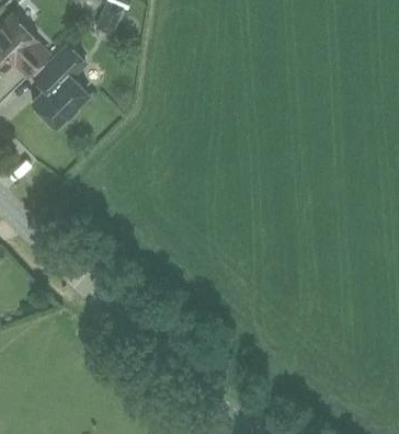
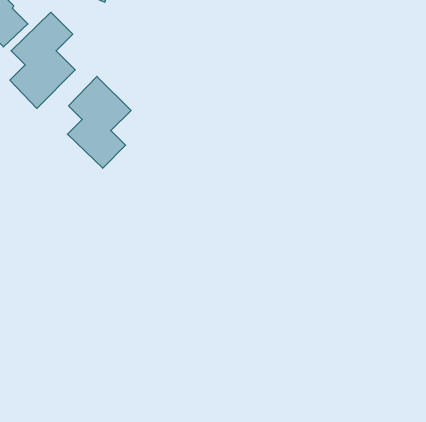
building: none -> [67,76,131,168]

